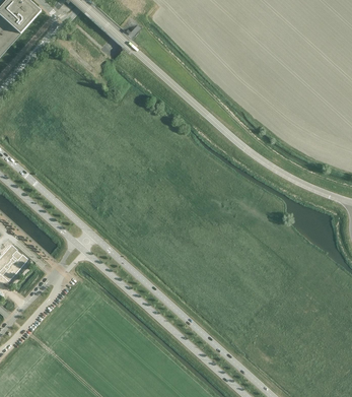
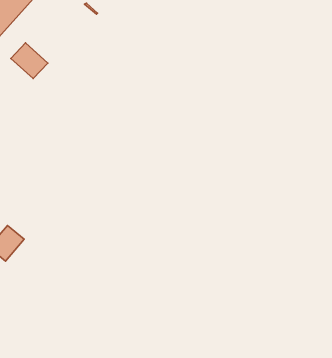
building: none -> [11,43,48,79]

